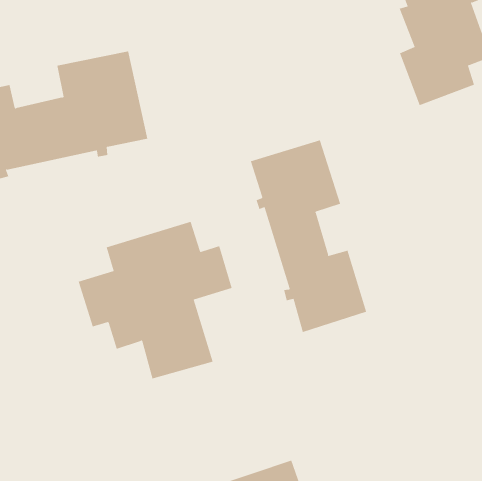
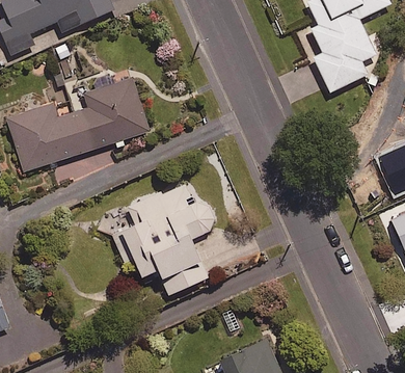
building: [250,139,367,333] -> none

